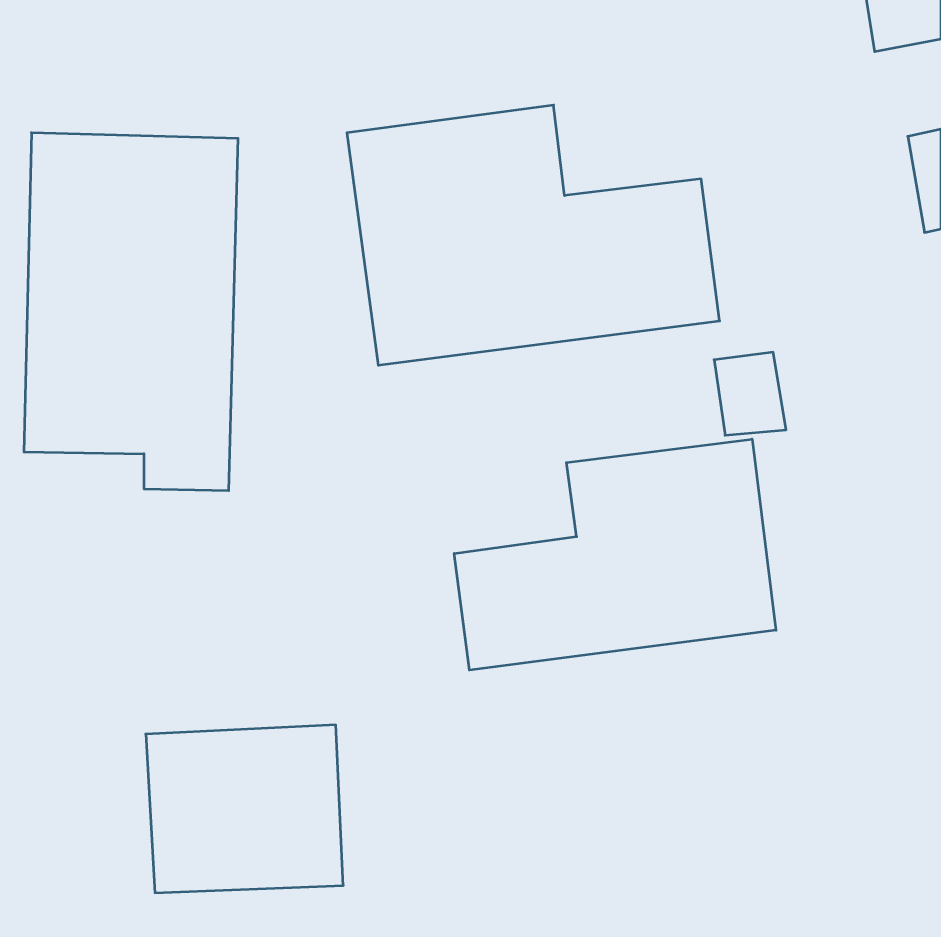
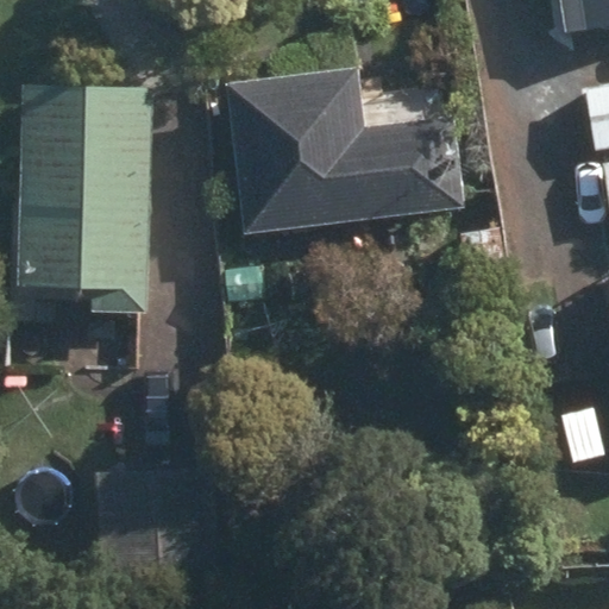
building: [454,439,776,670] -> none

